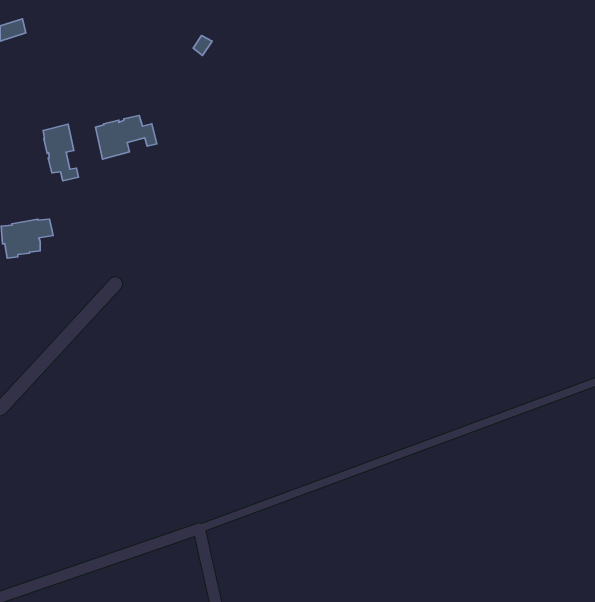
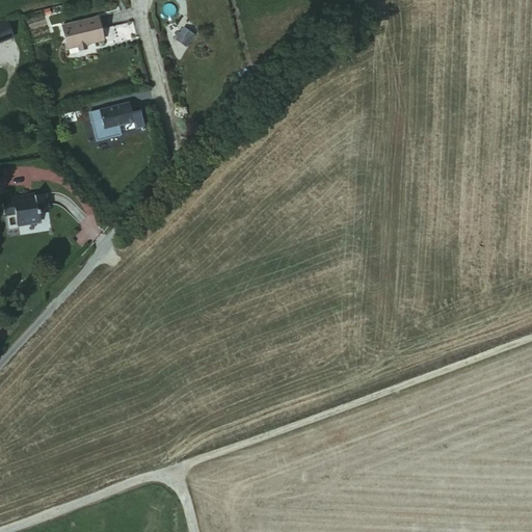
building: none -> [59,17,103,49]
building: [43,124,79,181] -> none

